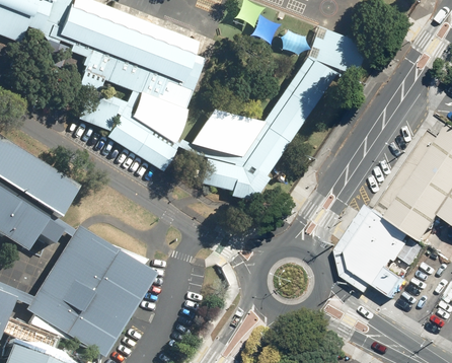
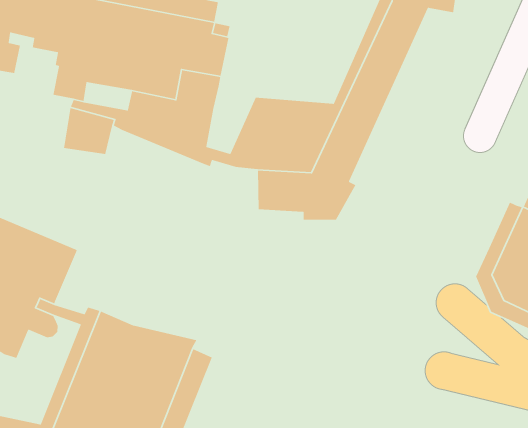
building: [107,115,176,170] -> none

